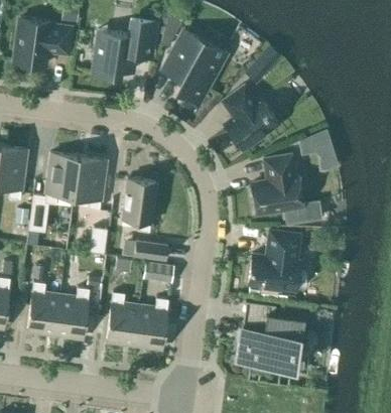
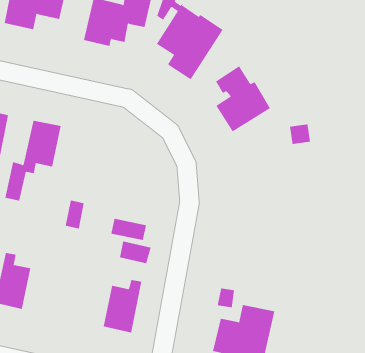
building: [252,154,323,226] -> none
building: [74,156,106,211] -> none
building: [122,178,156,232] -> none
building: [248,230,300,297] -> none
building: [55,288,90,339] -> none
building: [107,292,139,346] -> none

